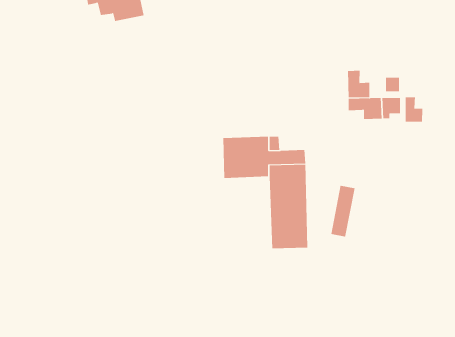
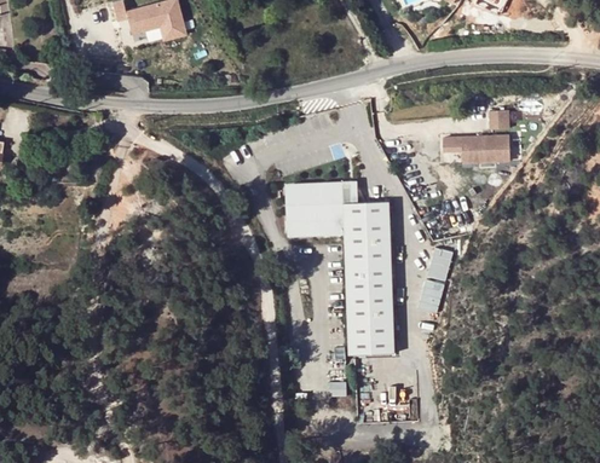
building: [347,70,370,98] -> none
building: [405,96,423,122] -> none
building: none -> [347,324,396,358]

